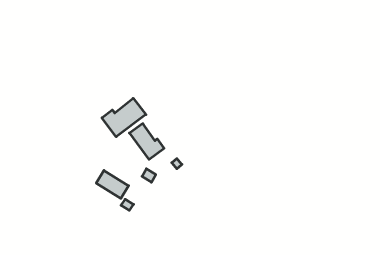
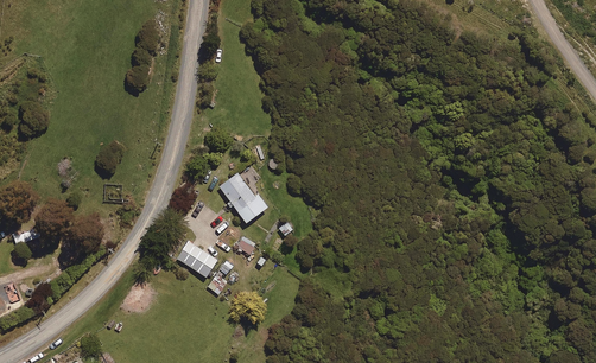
building: [102,98,146,137] -> none

